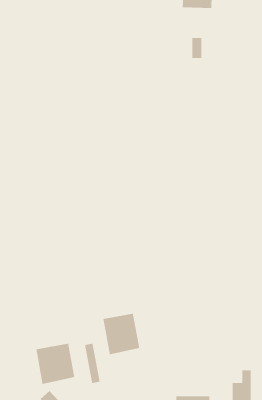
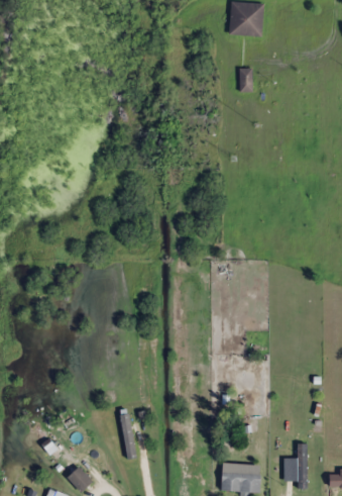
building: [102,313,140,355] -> none
building: [36,343,75,385] -> none

